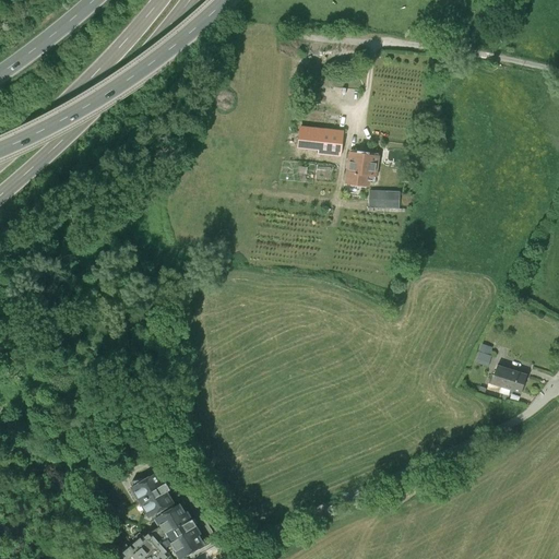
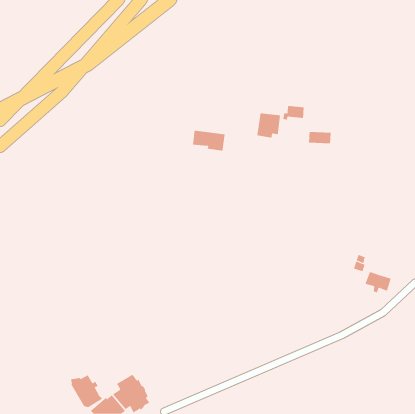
building: [298,127,343,155] -> [192,130,225,151]
building: [368,191,400,207] -> [308,132,332,144]
building: [132,472,176,516] -> [70,374,103,408]

